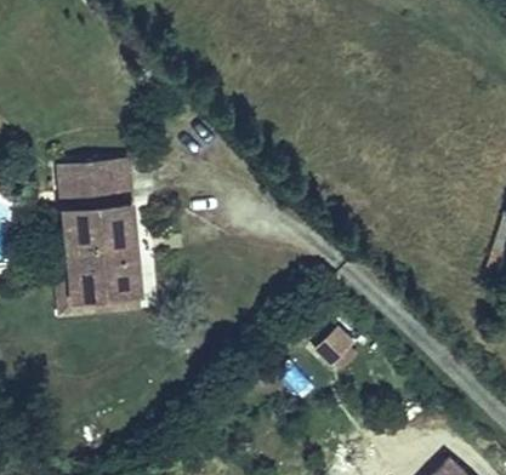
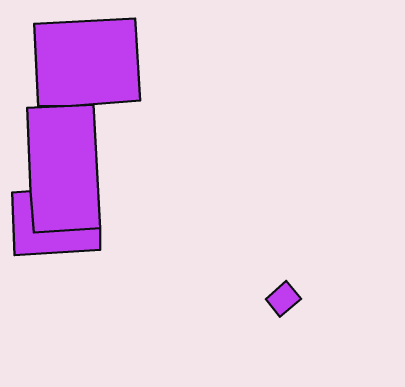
building: none -> [34,18,140,106]

